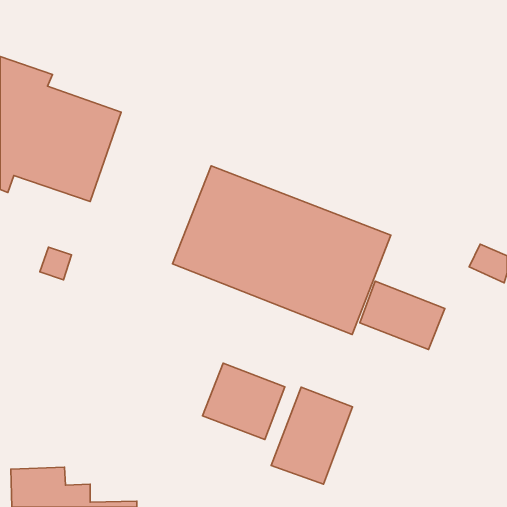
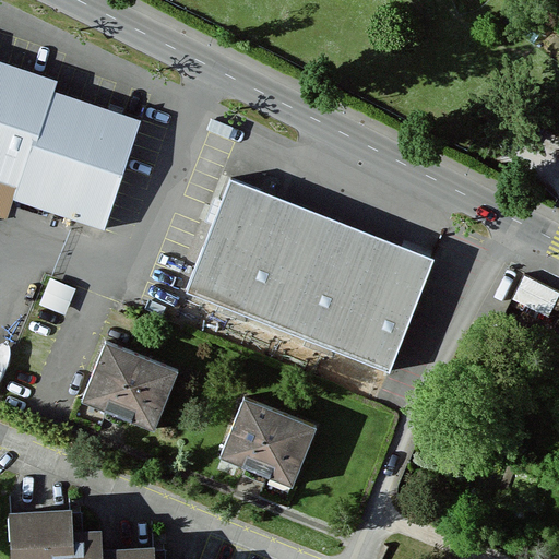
building: [360,281,445,350] -> none
building: none -> [84,341,176,427]
building: [271,387,353,484] -> none

